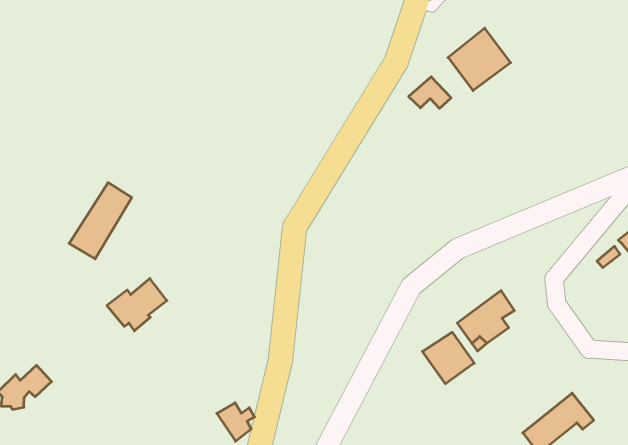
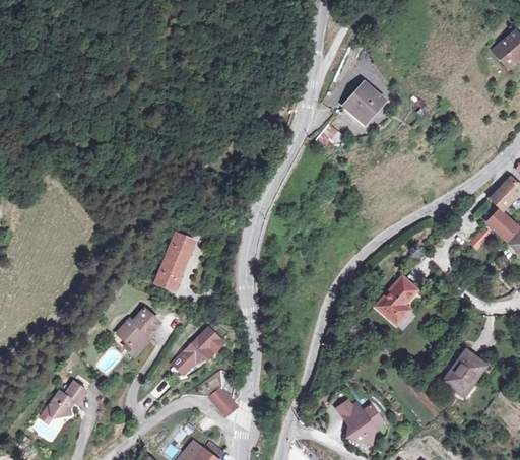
building: [69,183,132,259] -> [152,234,193,291]
building: none -> [175,329,220,375]
building: [422,332,474,384] -> none

